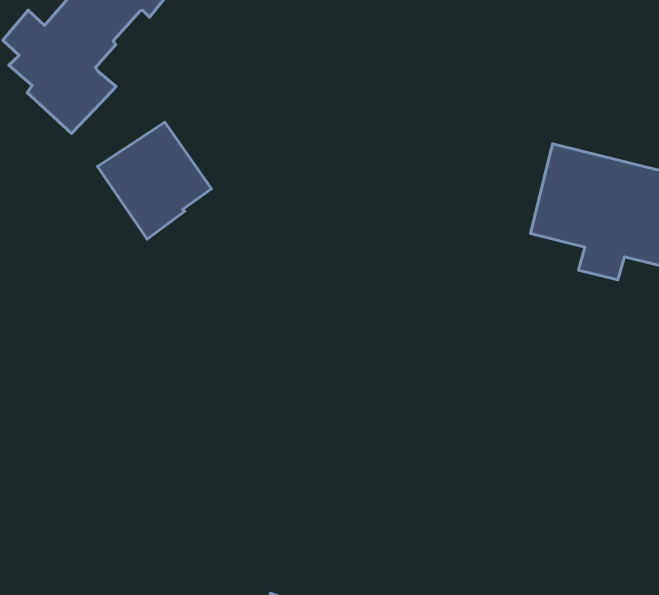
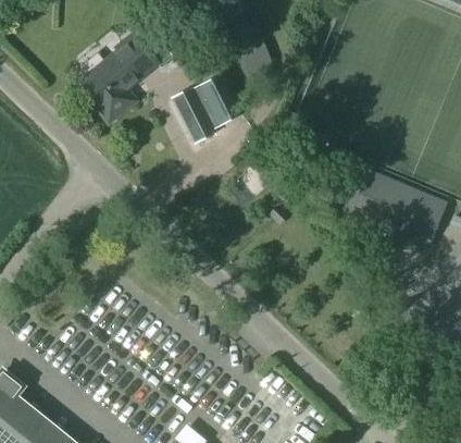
building: [98,122,211,239] -> [172,81,232,143]

